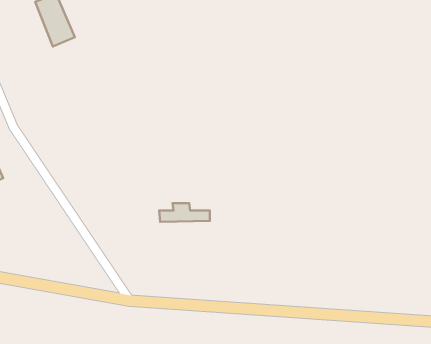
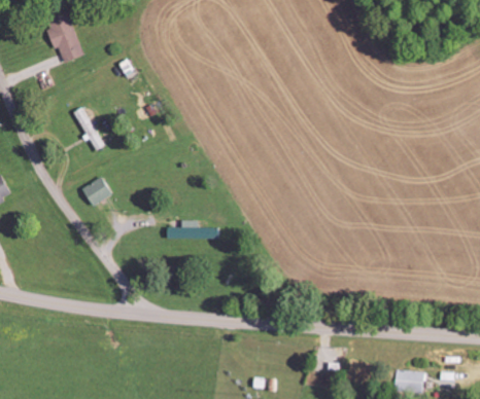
building: none -> [72,108,104,152]
building: none -> [82,177,111,205]

